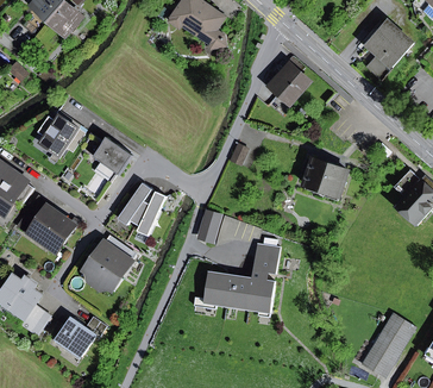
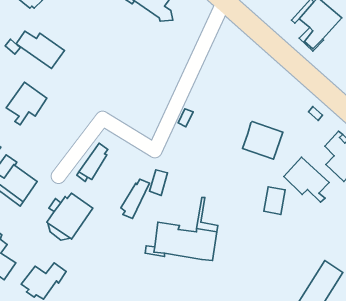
building: [270,56,307,100] -> none
building: [80,133,133,175] -> [16,31,64,69]
building: [134,190,167,234] -> [121,179,150,219]
building: none -> [284,157,329,202]
building: [256,243,280,274] -> [264,187,285,215]

